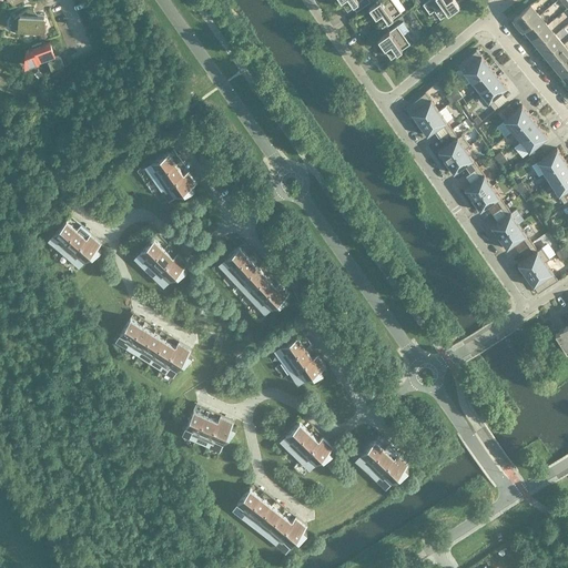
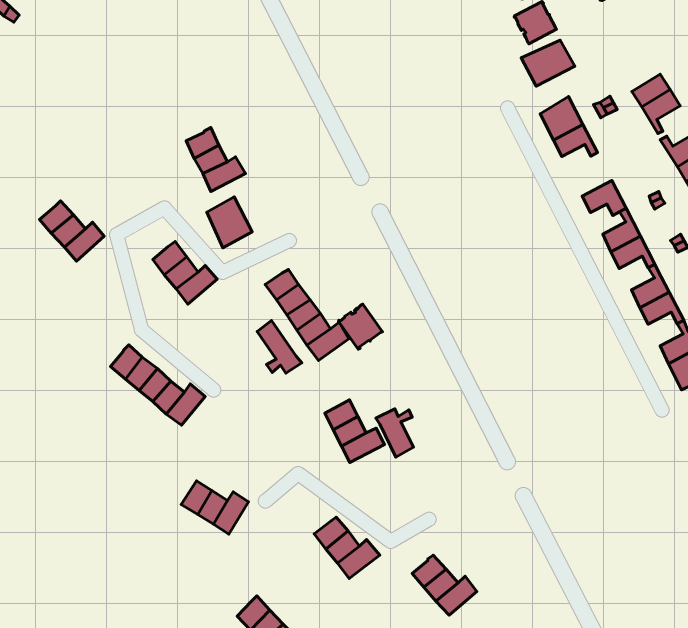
building: [456,53,488,85] -> none
building: none -> [521,40,575,86]
building: [436,133,468,166] -> none
building: none -> [207,197,252,248]
building: none -> [339,304,382,349]
building: none -> [257,320,302,373]
building: none -> [376,409,414,457]

